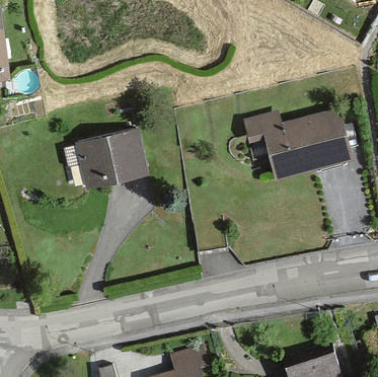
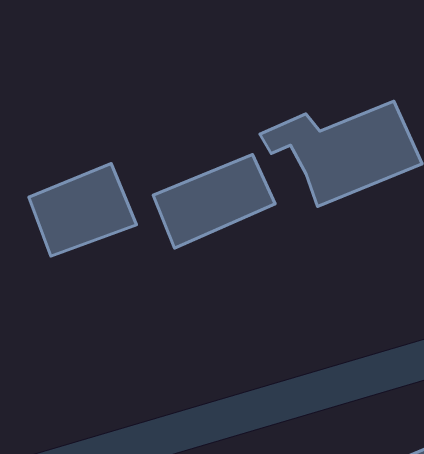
building: none -> [153,155,275,248]

